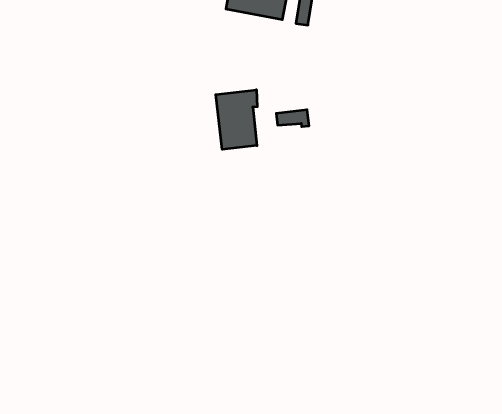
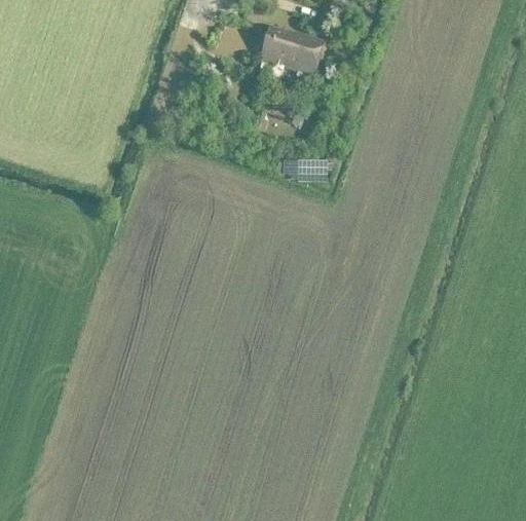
building: [216,90,257,149] -> none

